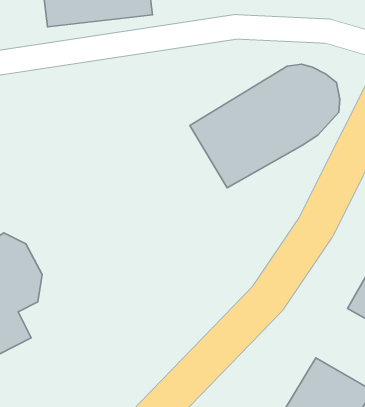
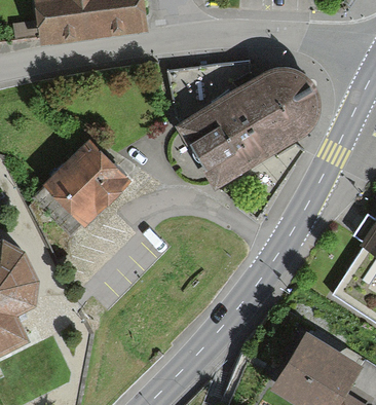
building: none -> [43,133,131,220]

